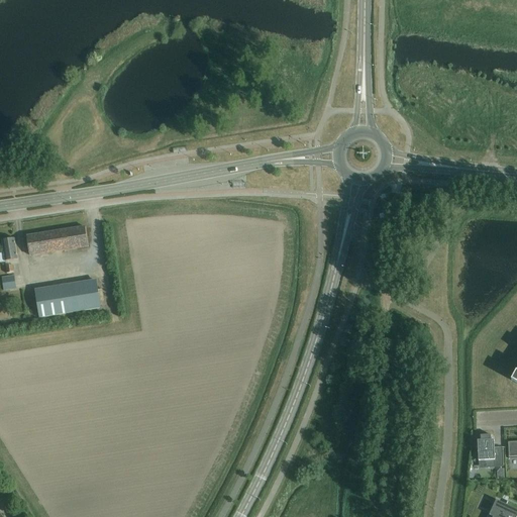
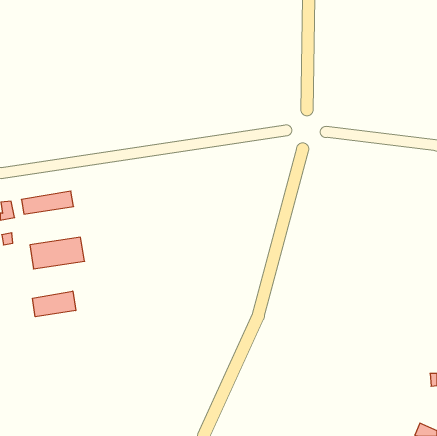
building: none -> [33,291,76,317]
building: [476,434,504,466] -> none

